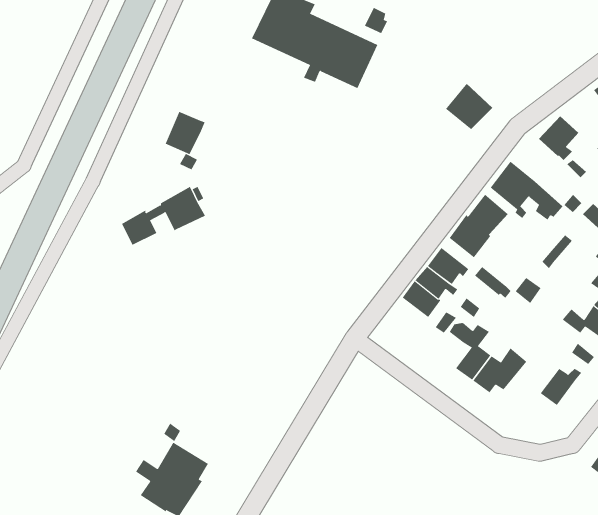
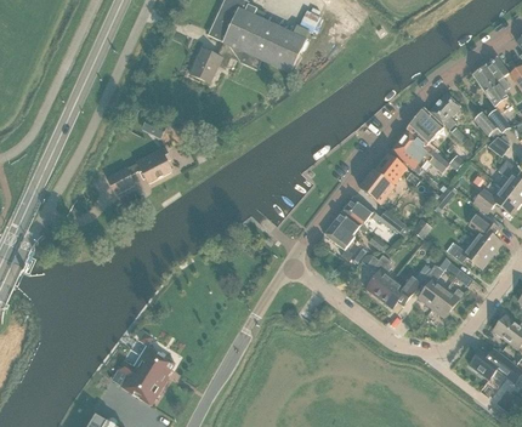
building: [444,83,493,130] -> [405,107,443,143]
building: [165,111,205,155] -> [189,47,221,81]
building: none -> [418,254,447,307]

